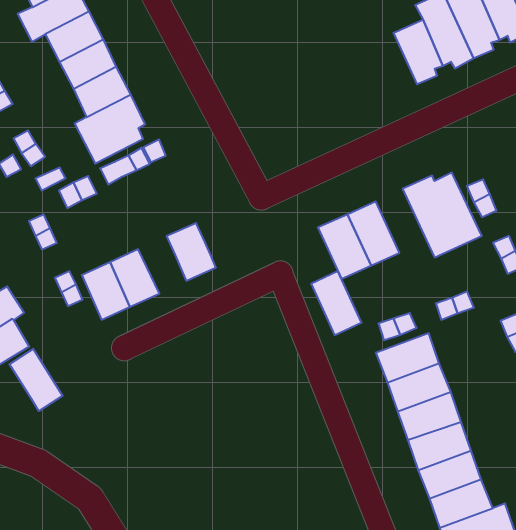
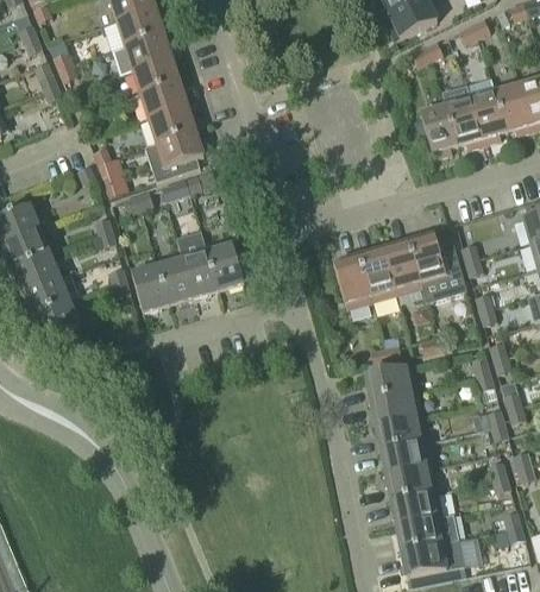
building: none -> [177,232,218,297]
building: [311,271,362,335] -> [384,241,421,294]
building: [9,349,63,411] -> none

